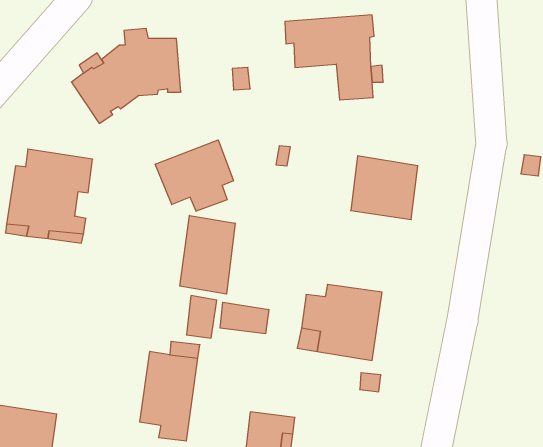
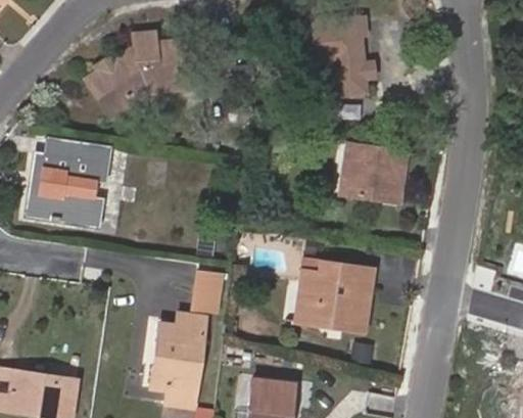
building: [155,140,233,211] -> none
building: [180,215,235,294] -> none
building: [220,302,269,334] -> none

